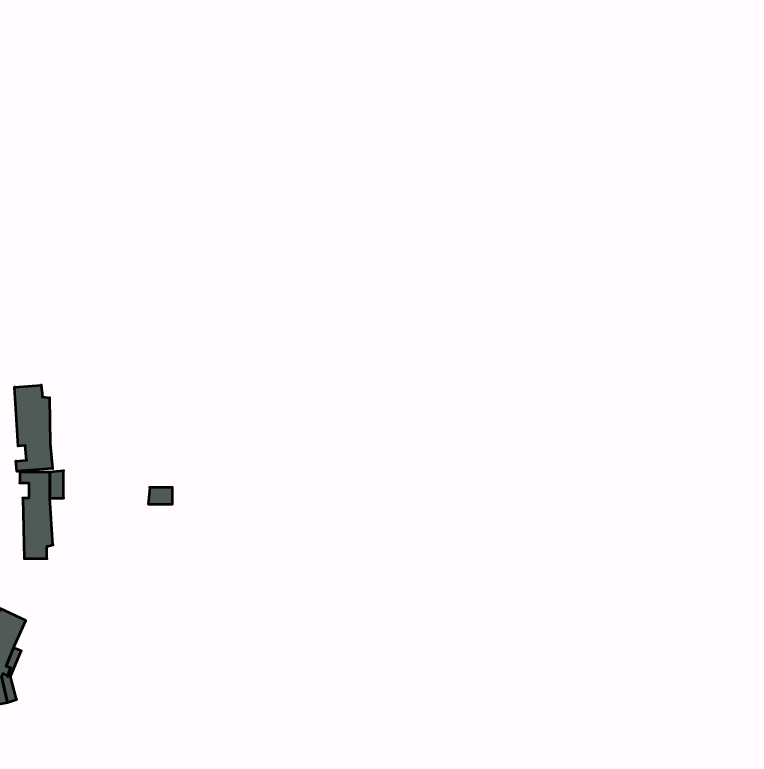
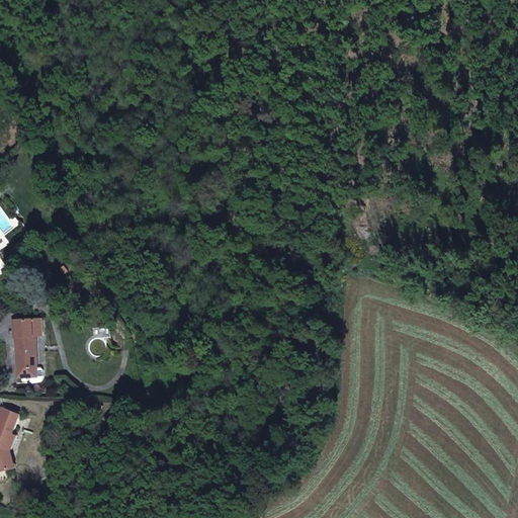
building: [15,385,53,471] -> none

